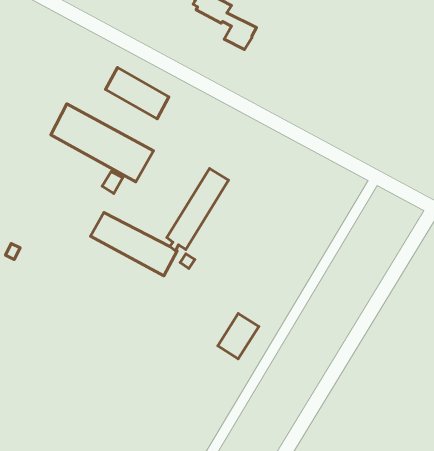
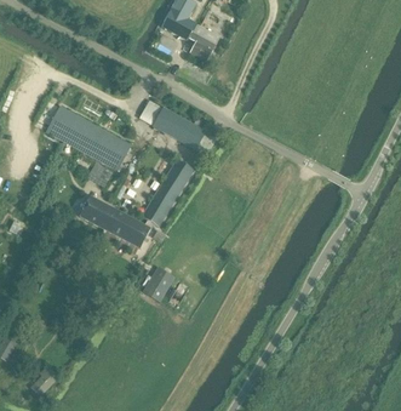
building: [106,67,169,119] -> [153,107,205,149]
building: [218,313,259,359] -> [142,264,176,302]

